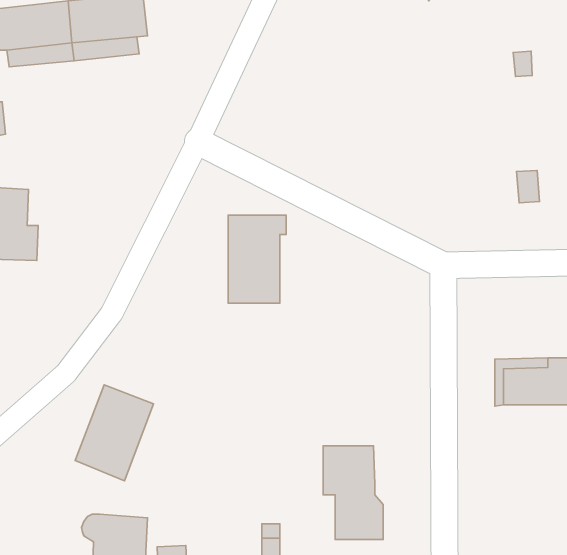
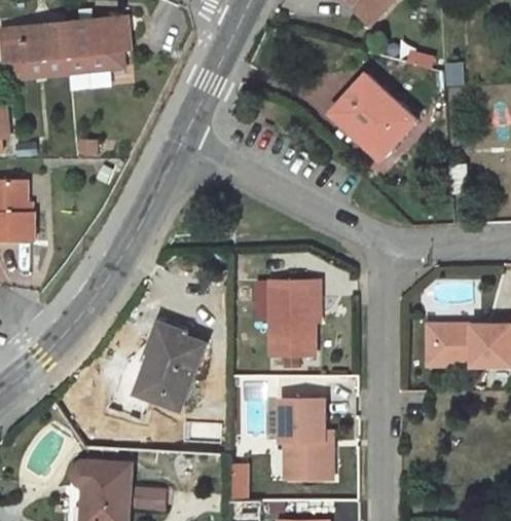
building: none -> [329,74,414,157]
building: [228,215,286,303] -> [269,282,319,357]
building: [75,385,153,481] -> [136,325,203,407]

